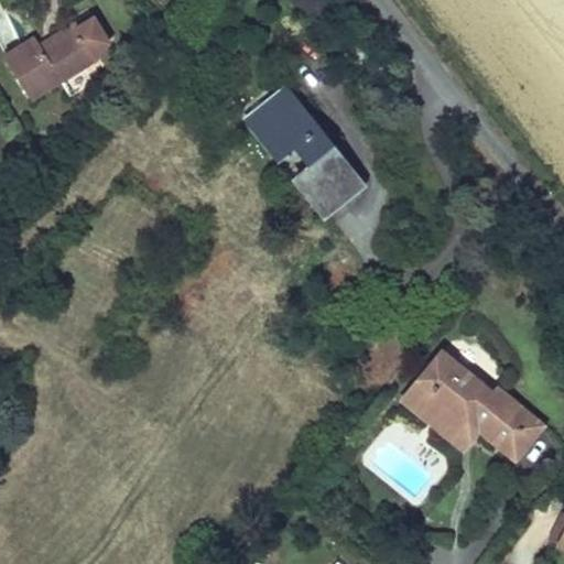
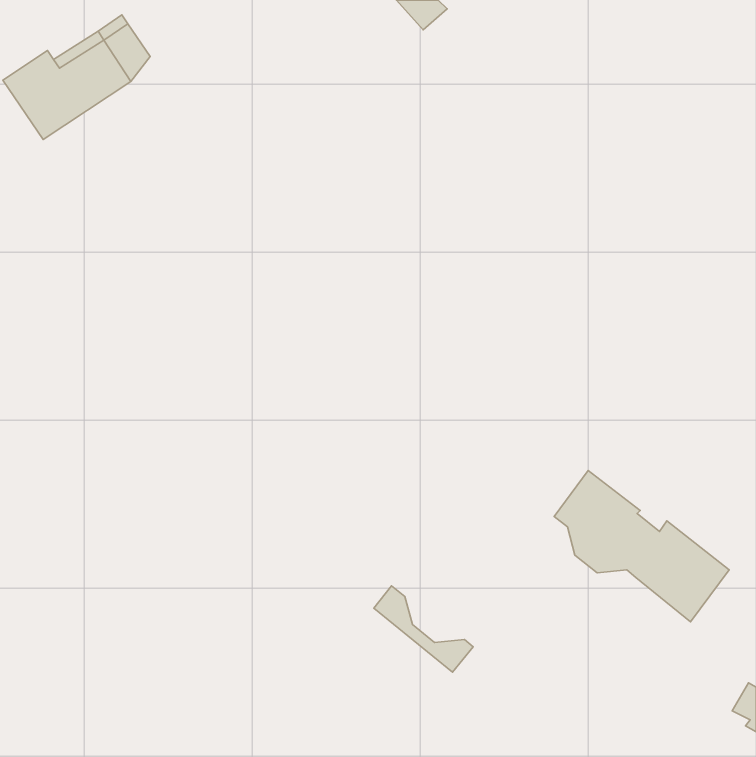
building: [253,89,365,210] -> none
building: [398,384,471,448] -> [374,586,473,672]

